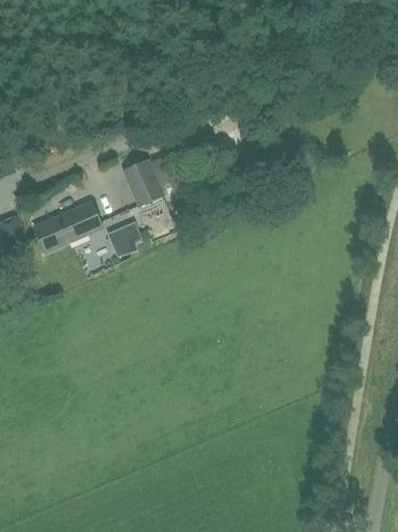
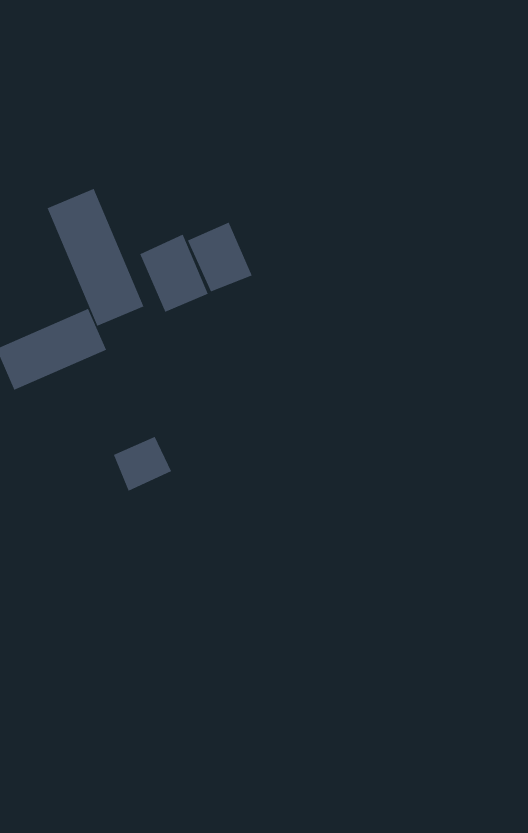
building: none -> [46,188,145,327]
building: [108,221,144,256] -> [113,436,172,492]

